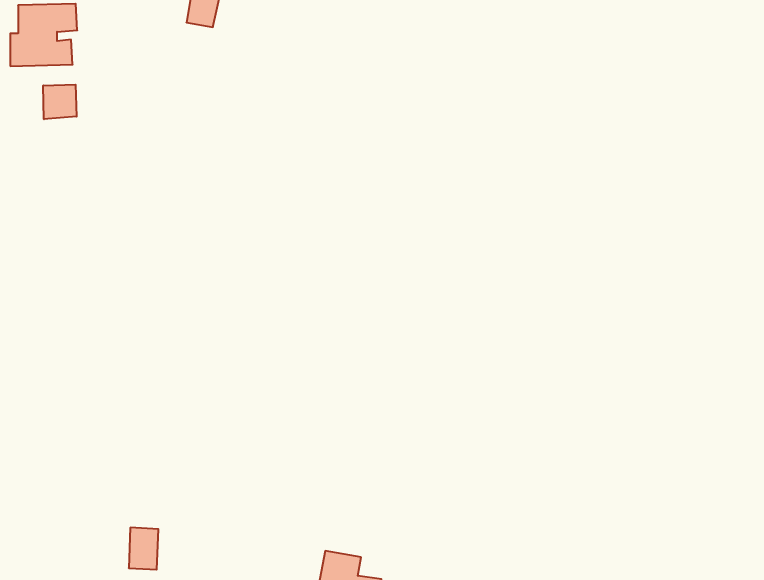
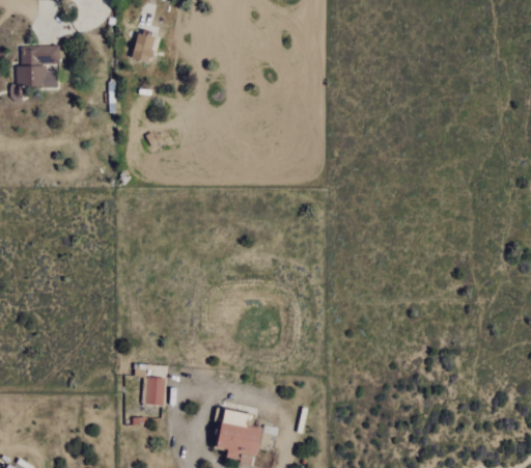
building: [43,85,77,119] -> none
building: [129,528,158,570] -> [144,377,164,405]

